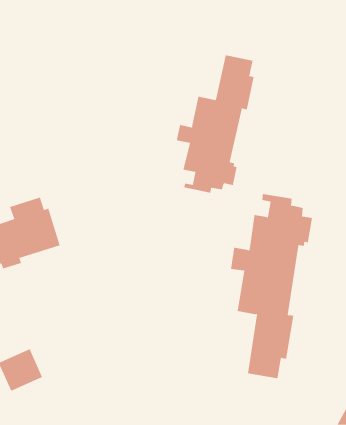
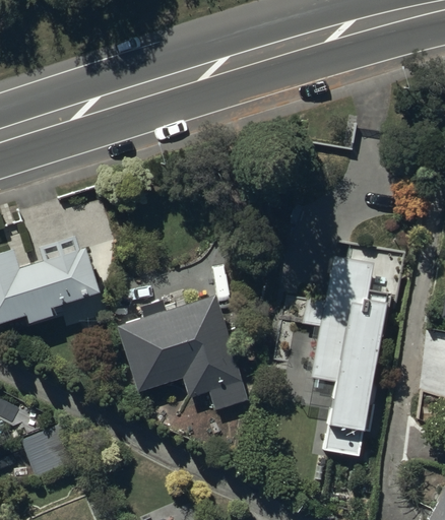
building: [176,54,254,193] -> none
building: none -> [116,298,248,410]

